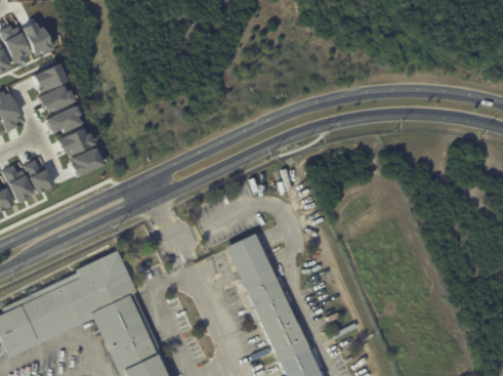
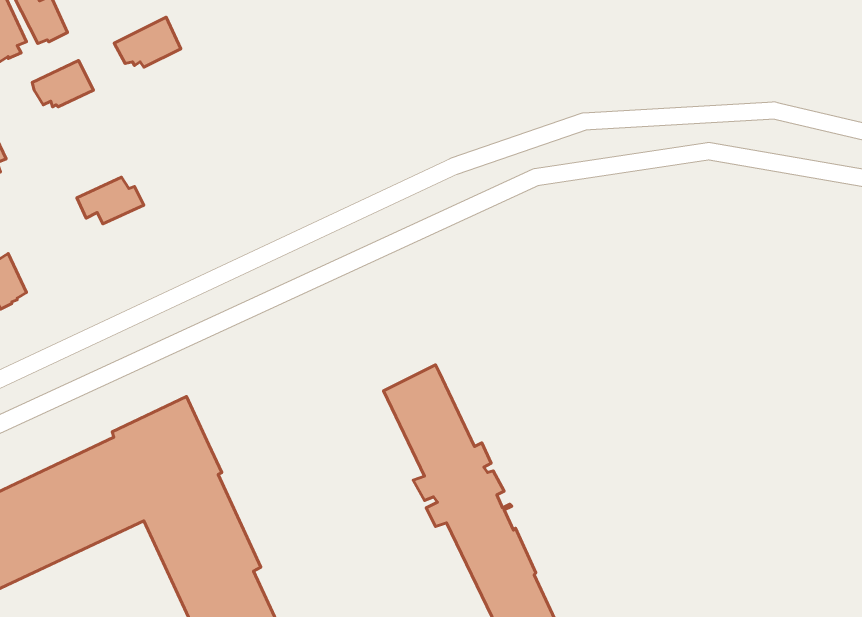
building: [36,83,73,111] -> [114,17,181,67]
building: [45,106,83,132] -> none
building: [71,147,101,176] -> none
building: [20,160,49,193] -> none

